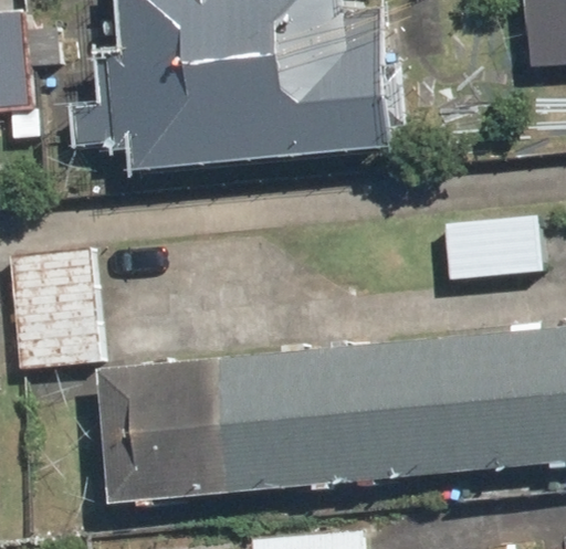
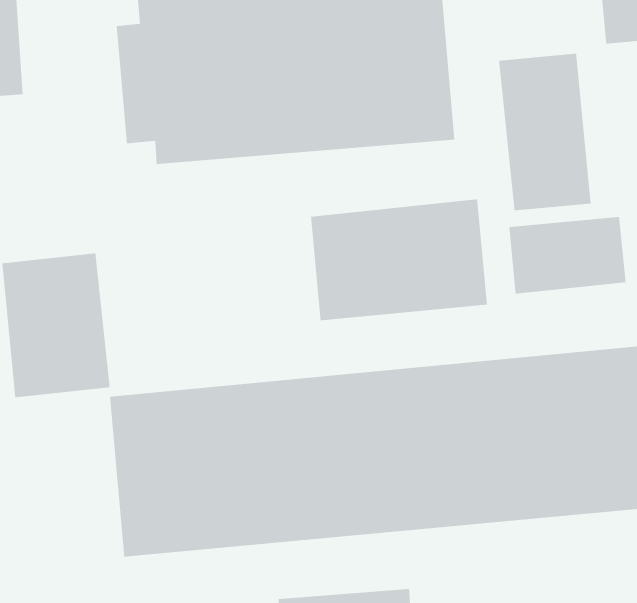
building: none -> [499,53,591,211]
building: none -> [310,198,488,321]

